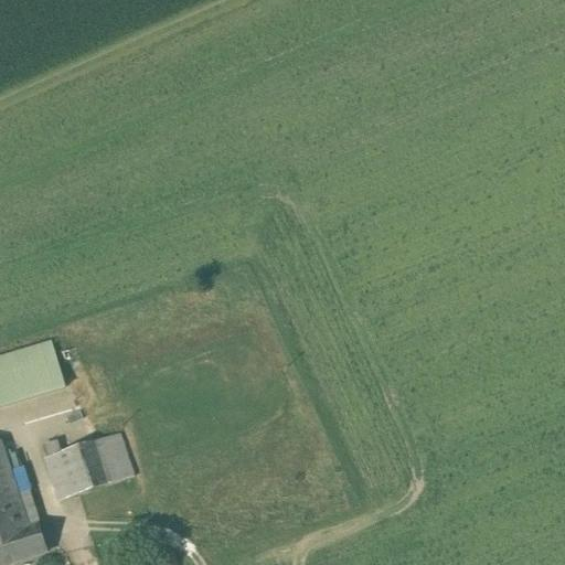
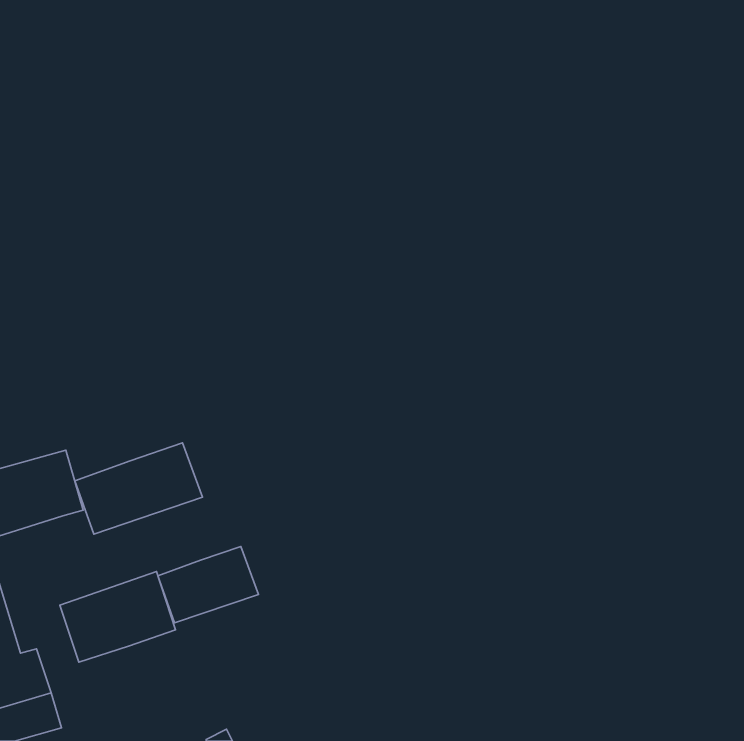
building: none -> [75,443,203,534]
building: none -> [158,546,258,623]

